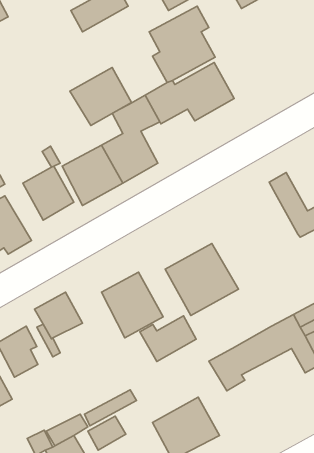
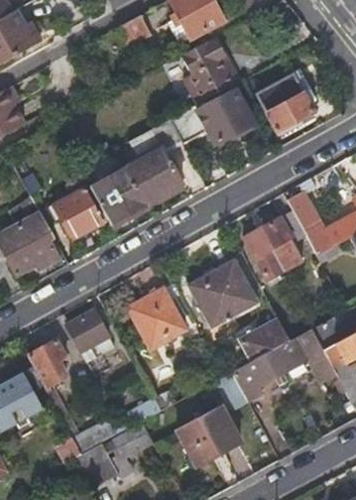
building: none -> [255,72,315,132]
building: [70,68,131,125] -> none
building: none -> [244,213,315,281]
building: [140,316,196,361] -> [236,317,289,360]

